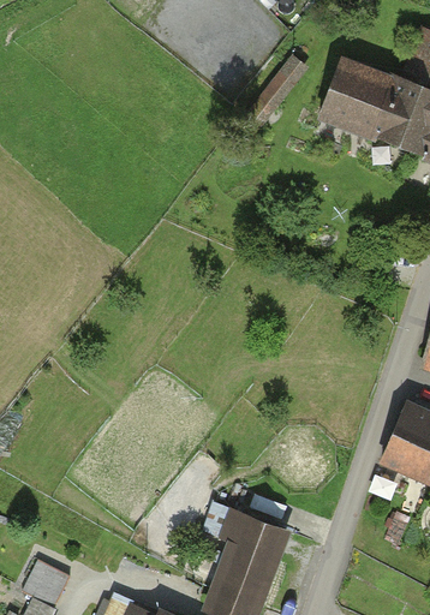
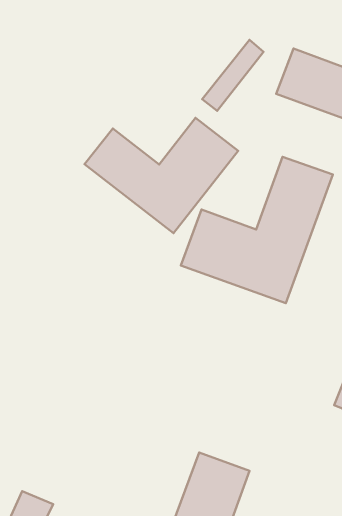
building: none -> [85,118,238,233]
building: none -> [181,157,333,303]

